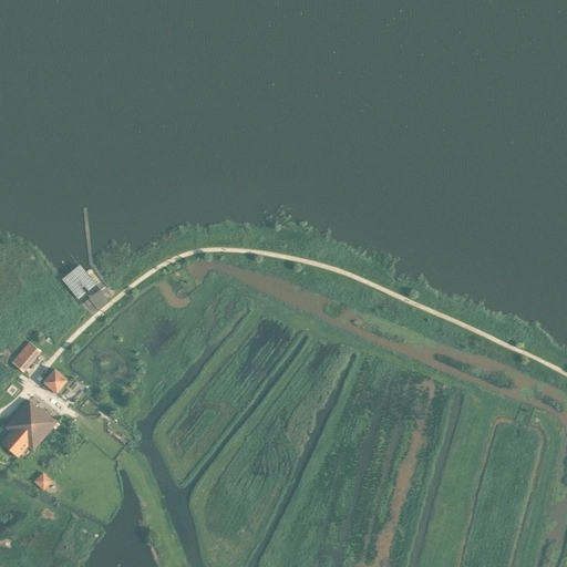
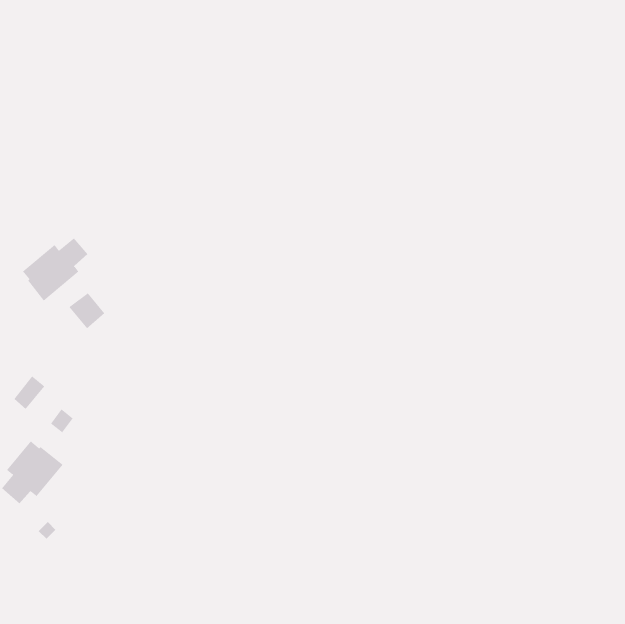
building: none -> [22,238,88,302]

